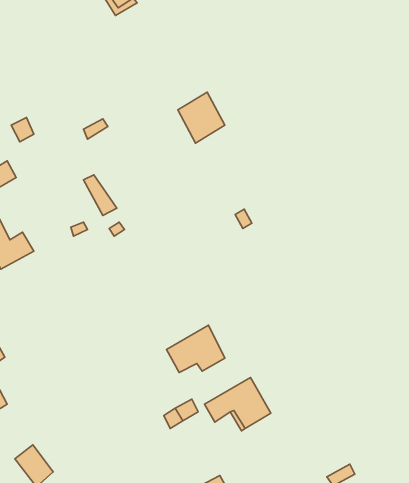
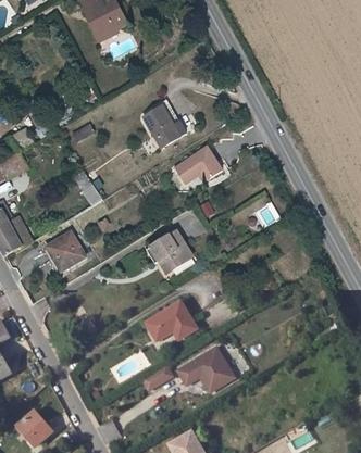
building: none -> [180,149,227,185]
building: none -> [45,232,85,268]
building: none -> [146,235,194,278]

